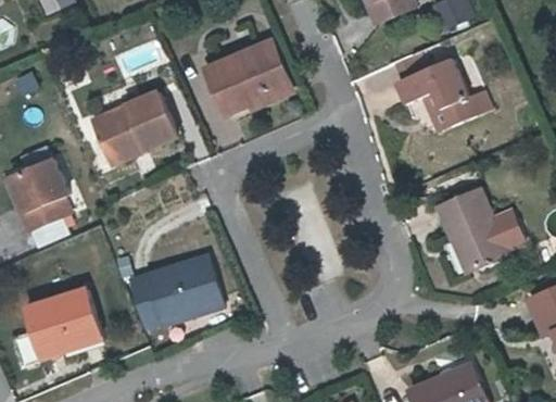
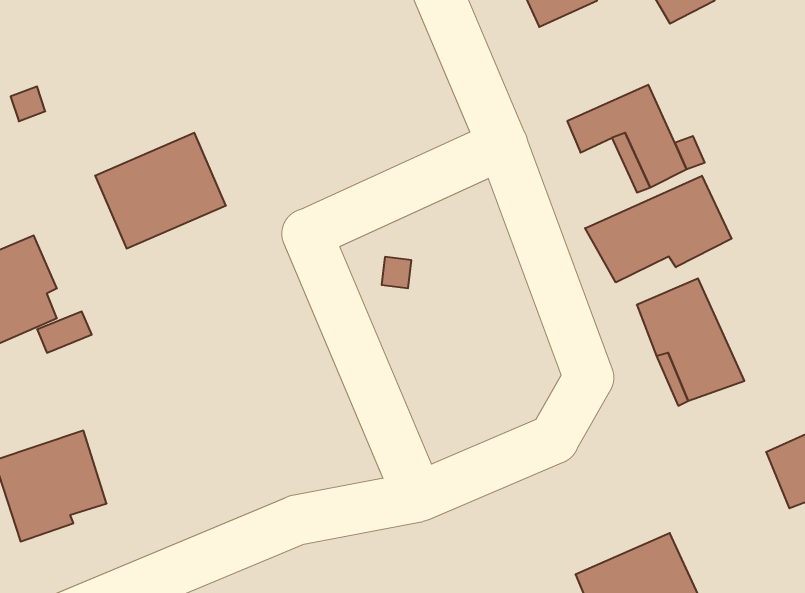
building: [208,41,292,112] -> none
building: none -> [585,176,732,282]
building: [129,255,223,327] -> none

